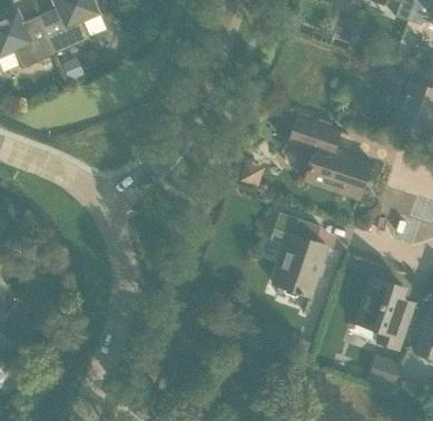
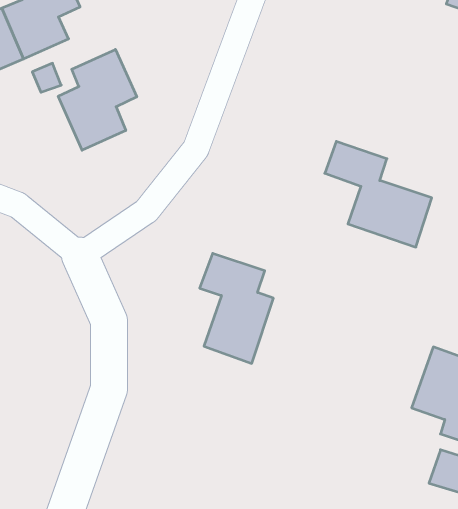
building: none -> [58,49,137,150]
building: [270,212,327,296] -> [200,253,273,363]

